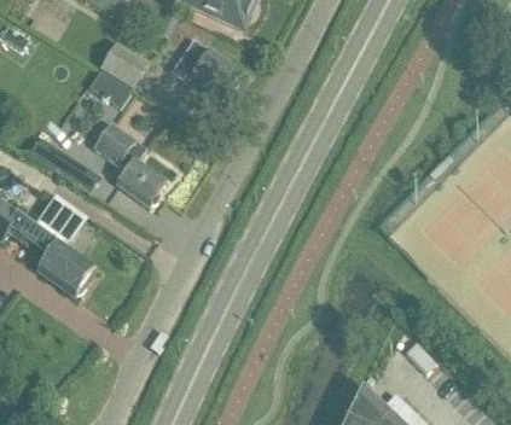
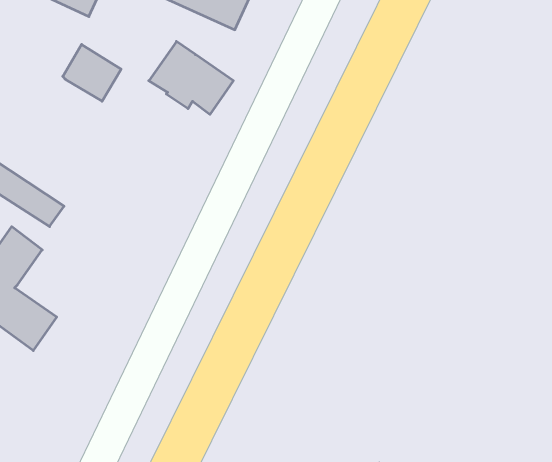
building: [89,70,132,107] -> none
building: [93,122,167,206] -> none

